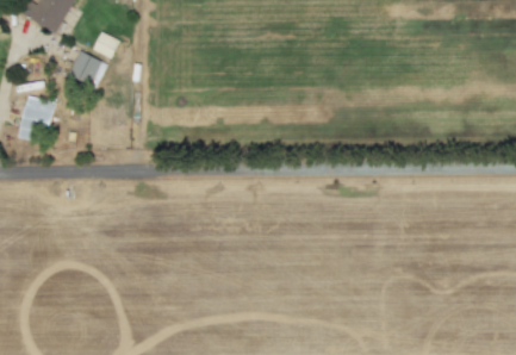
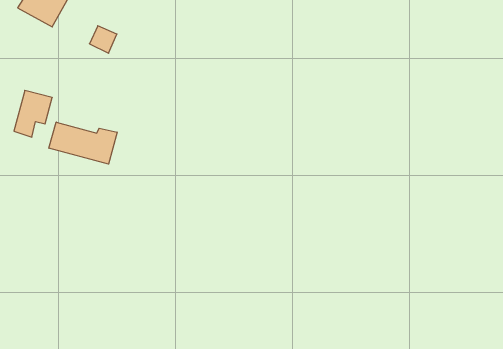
building: [68,50,106,87] -> none
building: none -> [49,122,117,164]

